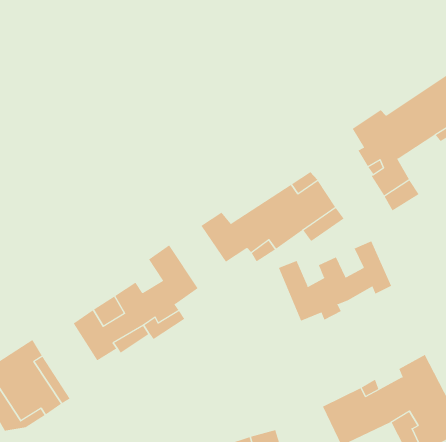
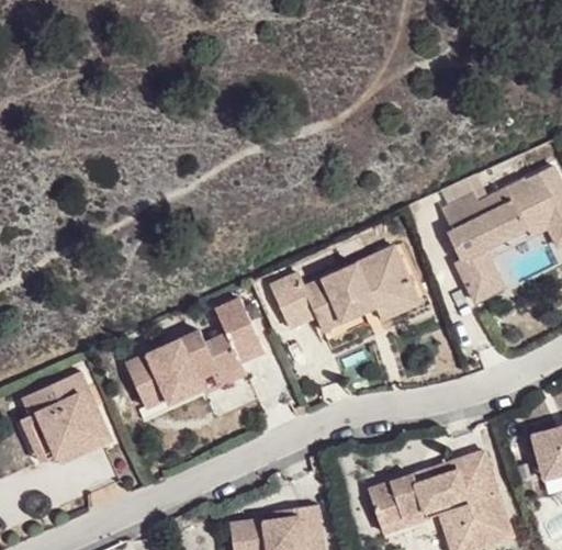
building: [278,240,392,321] -> none

